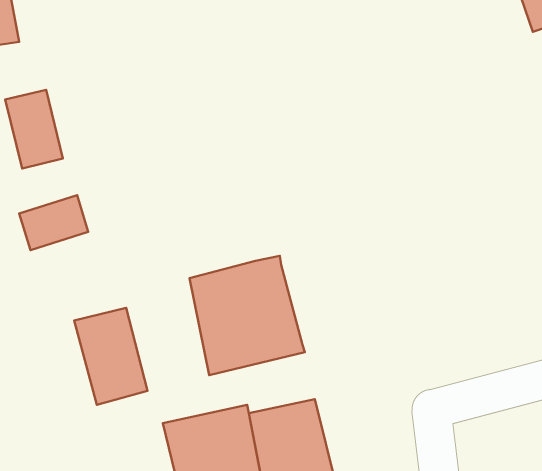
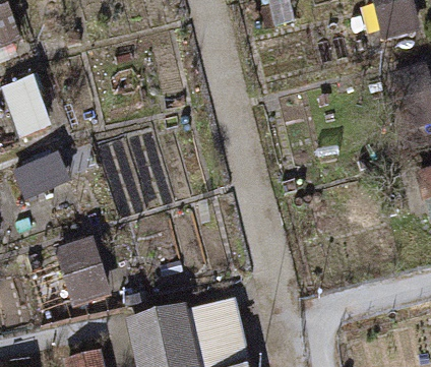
building: [189,256,305,375] -> none

